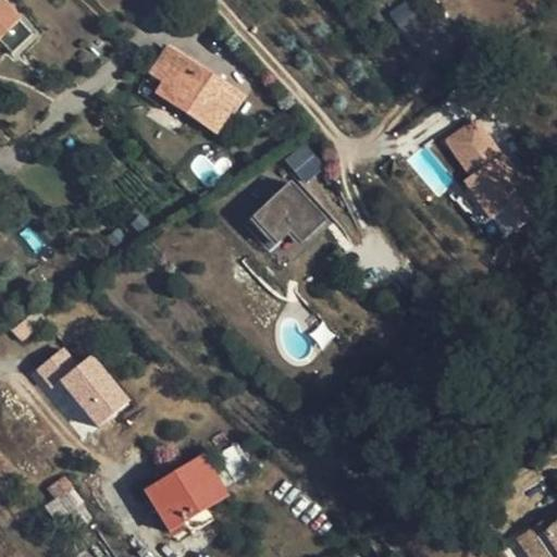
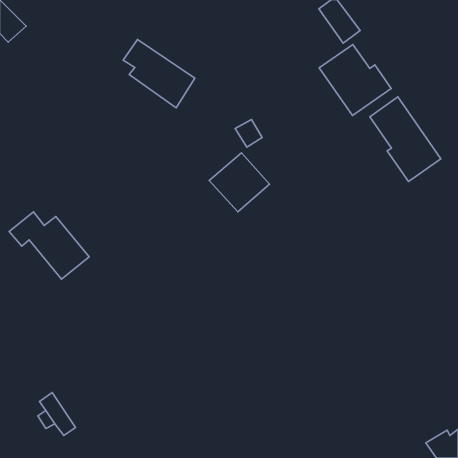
building: none -> [319,45,391,116]
building: [34,345,131,426] -> [9,212,89,279]
building: [144,456,223,530] -> none

